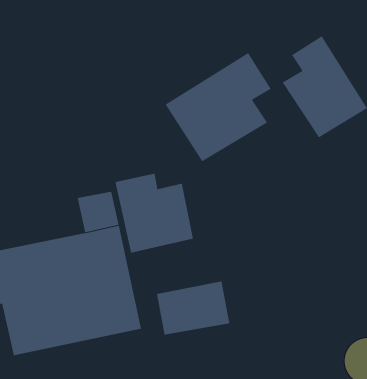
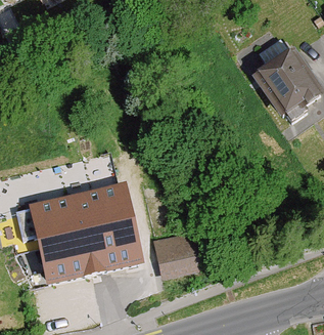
building: [165,52,271,162] -> none
building: [115,173,193,254] -> none

